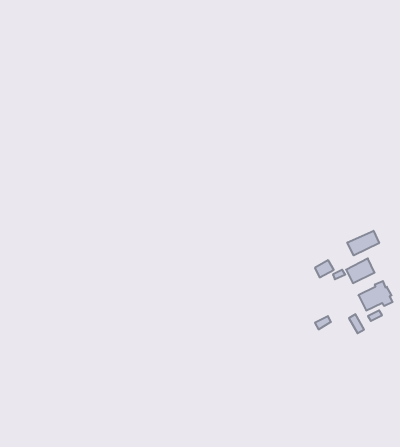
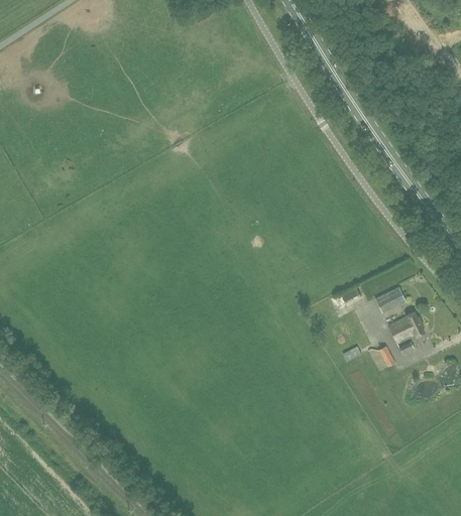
building: [347,231,379,255] -> none

